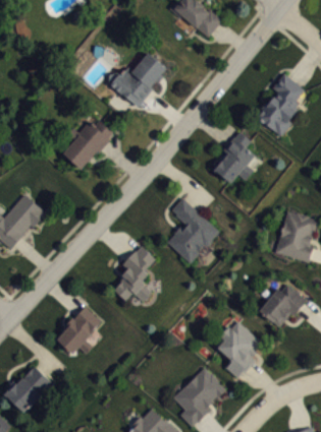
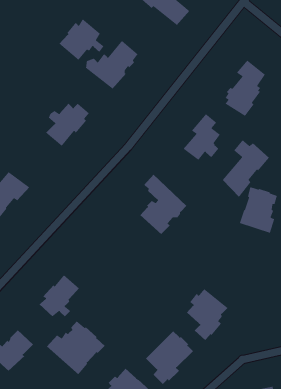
building: none -> [58,18,105,61]
building: none -> [222,139,270,198]
building: [113,245,154,302] -> none
building: [258,284,307,327] -> none
building: none -> [46,321,106,375]

